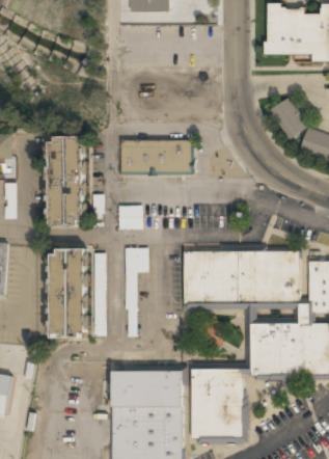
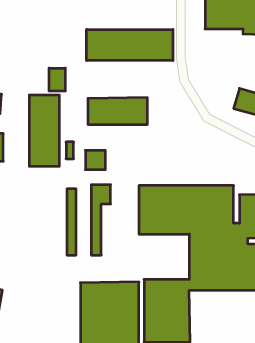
building: none -> [87,29,173,61]
building: [269,98,307,140] -> none
building: none -> [49,68,65,91]
building: [48,249,85,336] -> none

